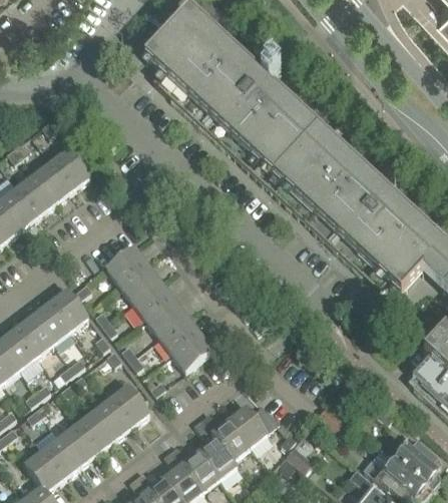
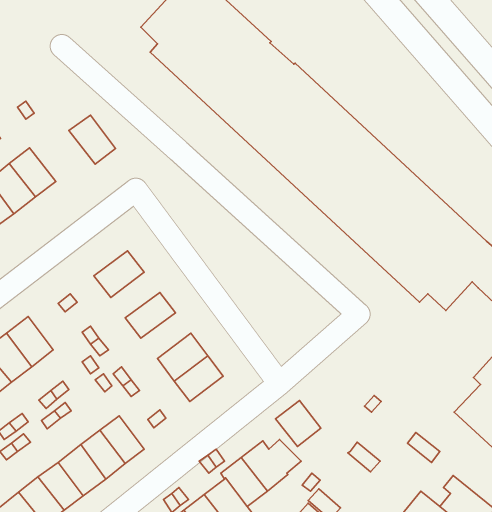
building: [54,144,93,185] -> [69,115,116,164]
building: [122,262,163,300] -> none
building: [53,287,91,327] -> none
building: [147,296,189,334] -> none
building: none -> [275,401,321,446]

